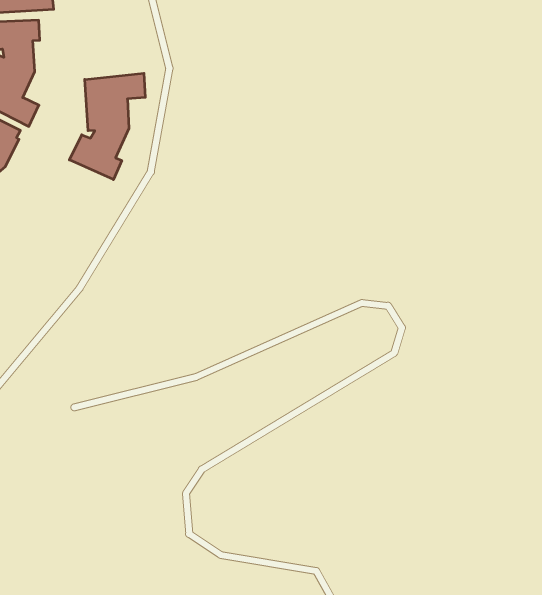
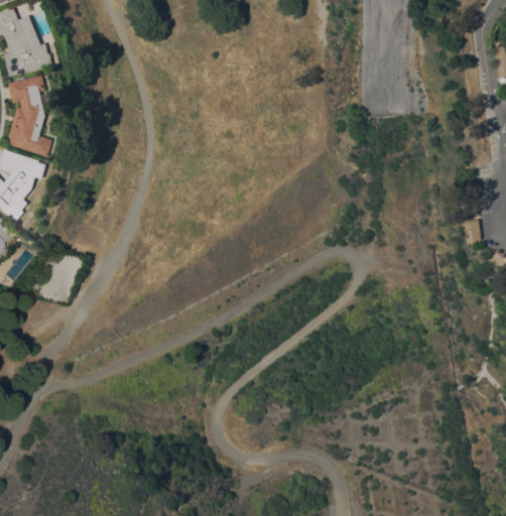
building: [69,73,145,180] -> none

